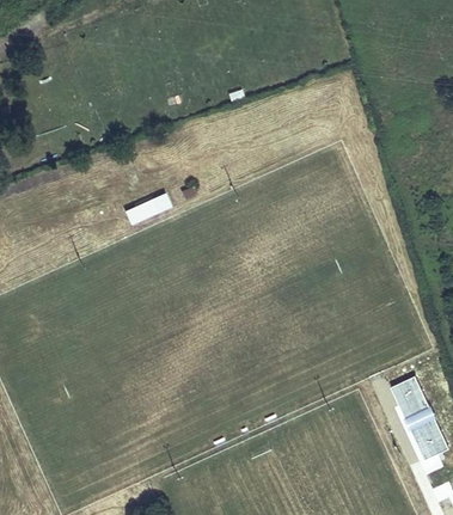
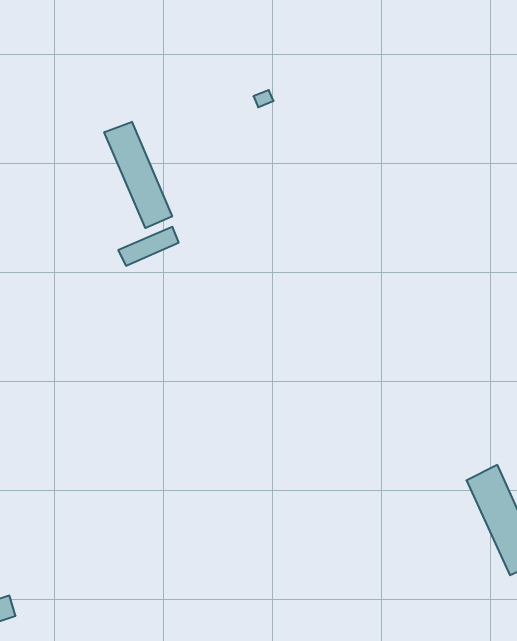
building: none -> [104,122,172,228]

